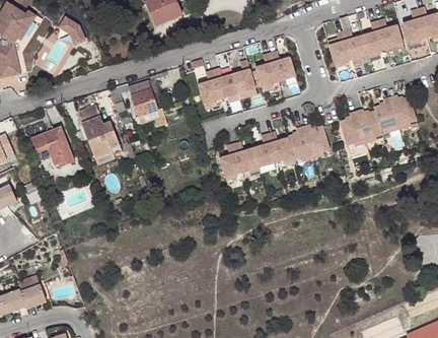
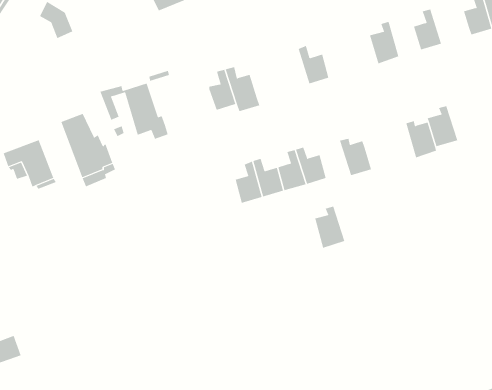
building: [376,19,403,50] -> none
building: [340,20,370,66] -> none
building: [254,54,278,87] -> none
building: [230,60,253,93] -> none
building: [389,97,416,128] -> none
building: [339,114,364,147] -> none
building: [286,128,311,162] -> [314,206,345,249]

